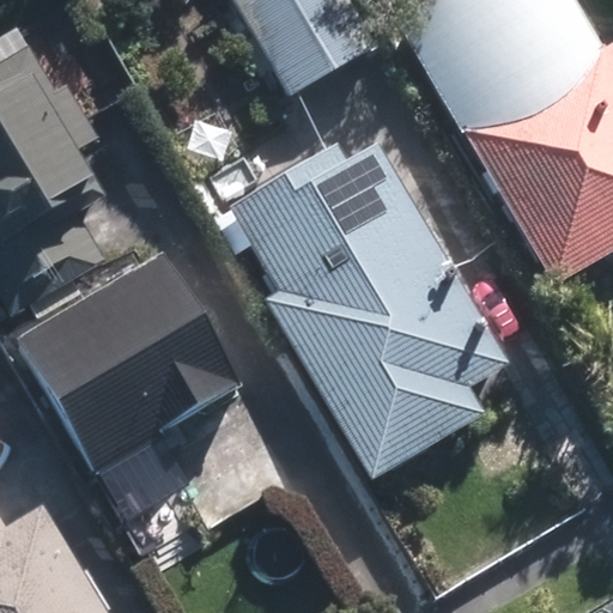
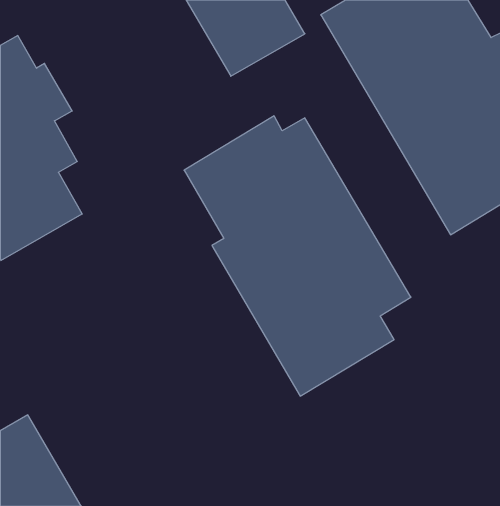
building: [12,249,239,469] -> none

